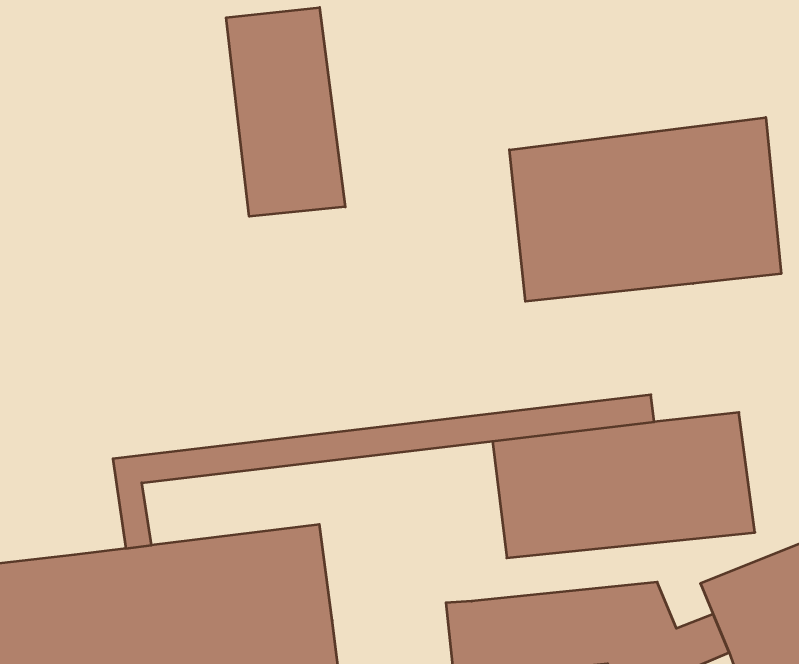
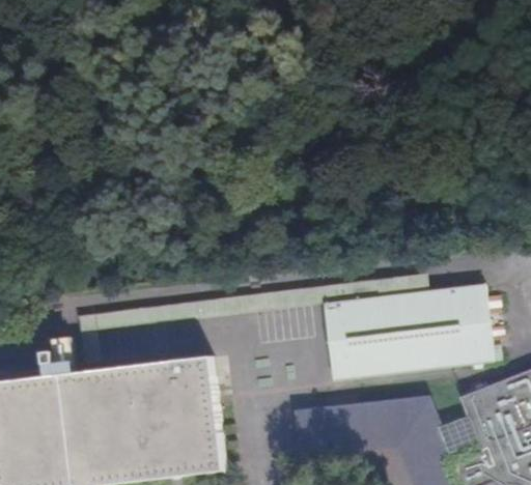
building: [226,7,345,216] -> none
building: [509,117,781,301] -> none

